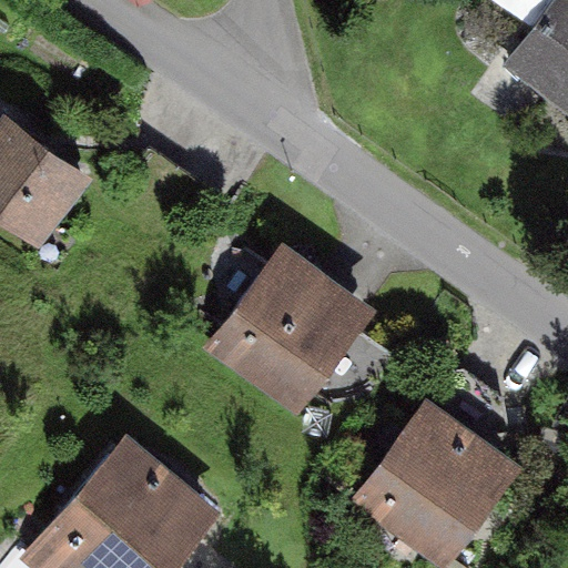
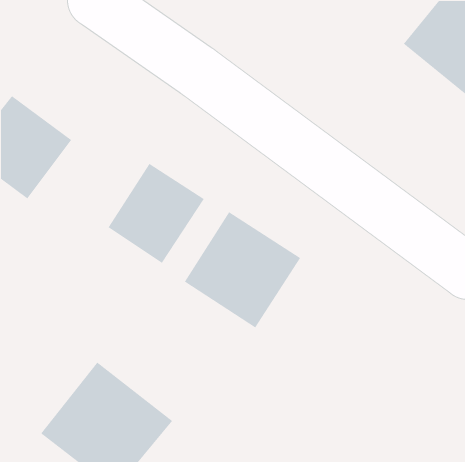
building: none -> [107,163,205,264]
building: [346,397,510,562] -> none

